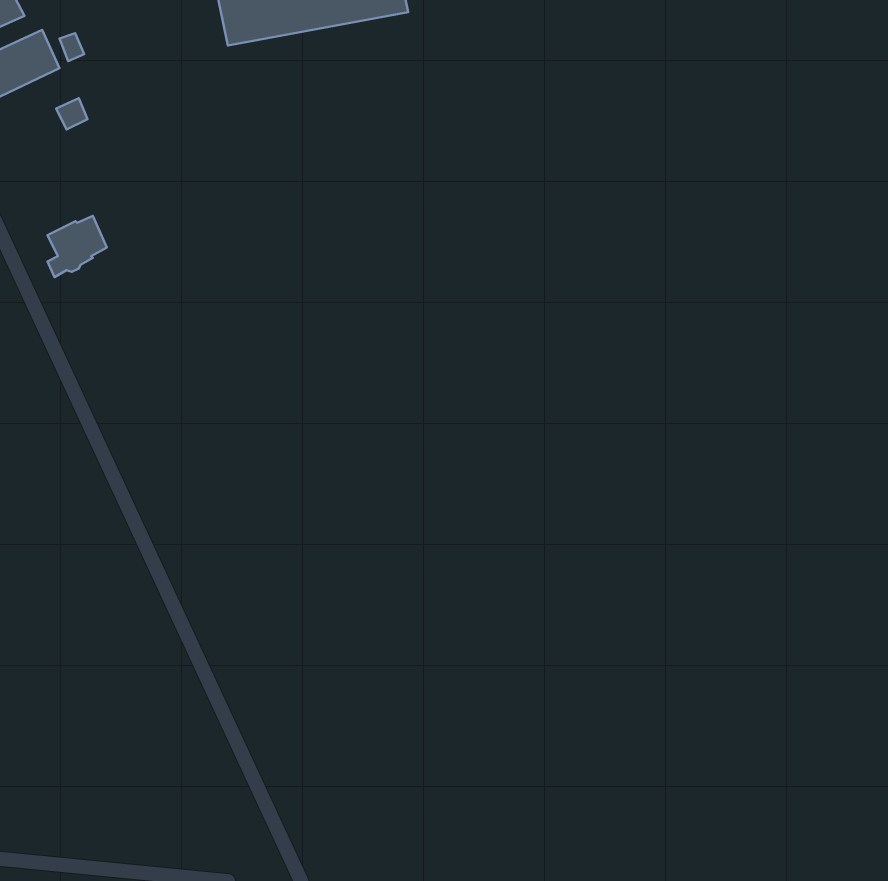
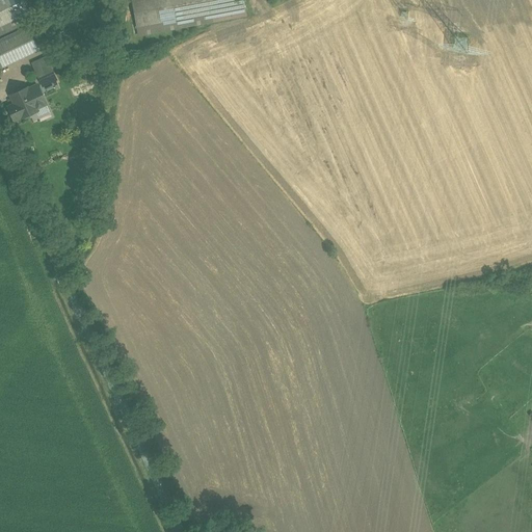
building: [47,216,107,277] -> [7,76,43,112]

